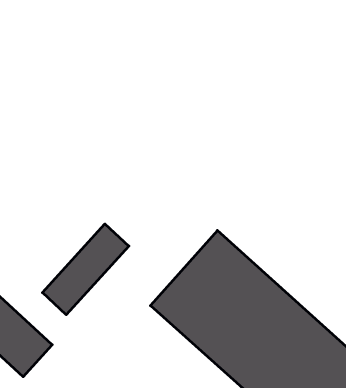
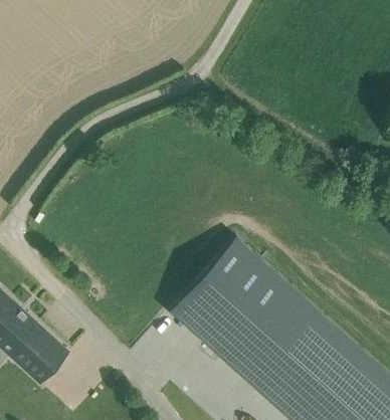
building: [42,224,129,315] -> none

